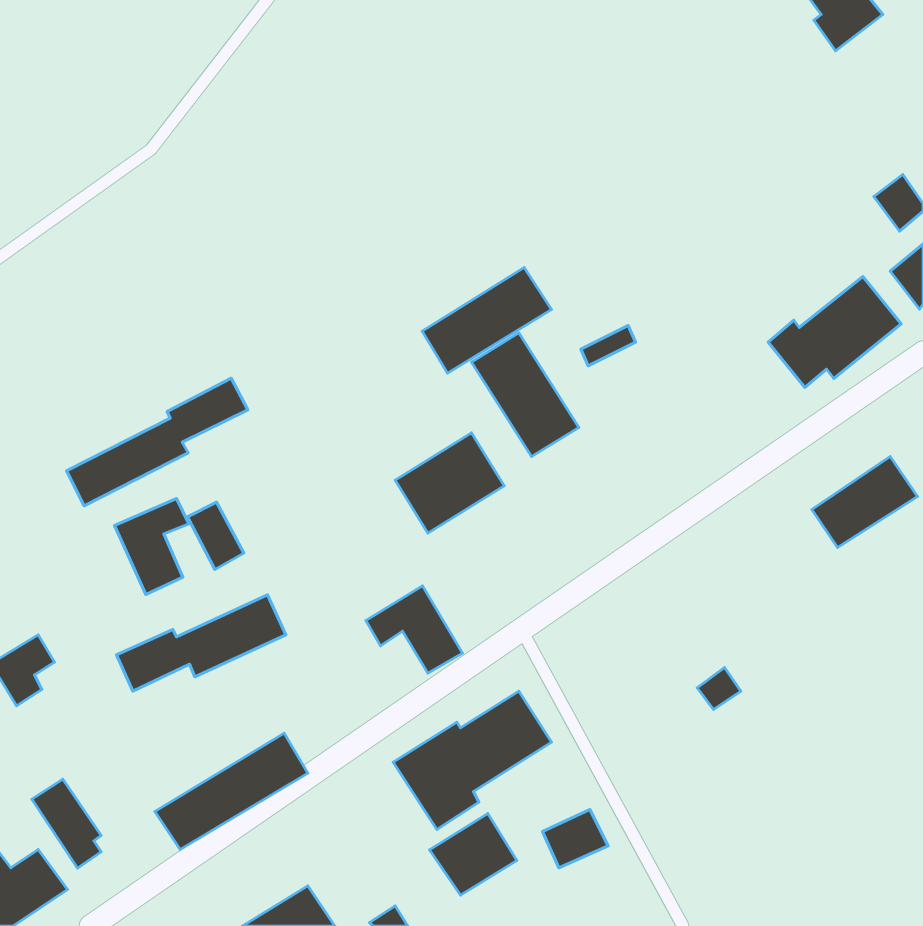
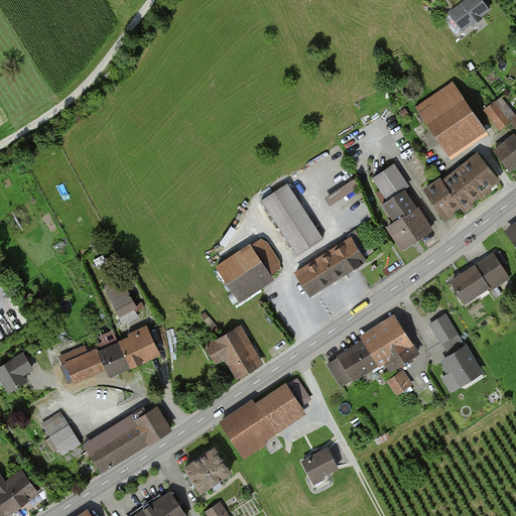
building: none -> [417,82,485,154]
building: [422,268,551,373] -> [294,238,366,296]
building: none -> [373,163,432,248]
building: [66,378,248,506] -> none
building: [115,498,189,594] -> none
building: none -> [428,313,482,393]
building: none -> [327,319,418,387]
building: [32,779,101,868] -> [41,411,80,461]
building: [429,813,517,895] -> [183,447,232,493]

